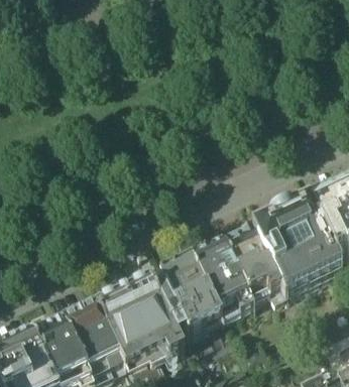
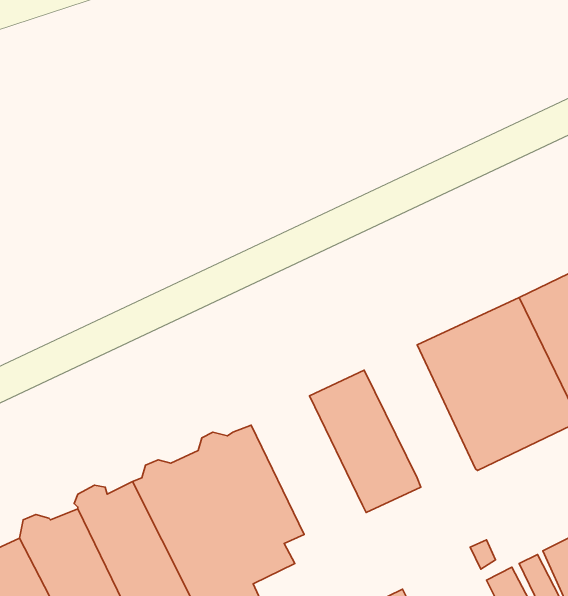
building: [228,227,289,300] -> none
building: [165,254,227,332] -> none

